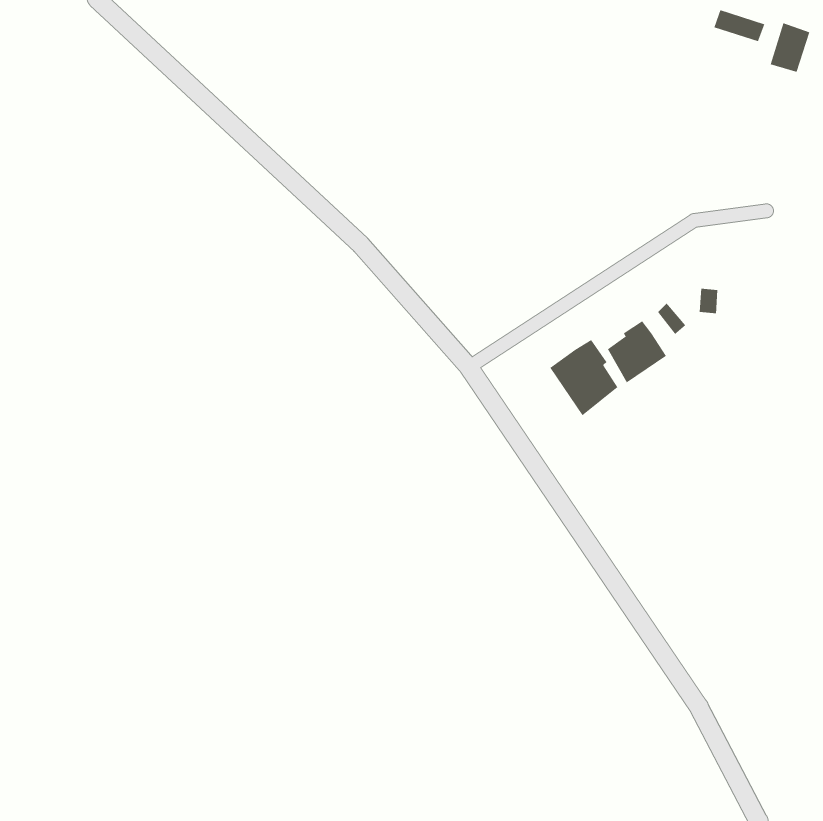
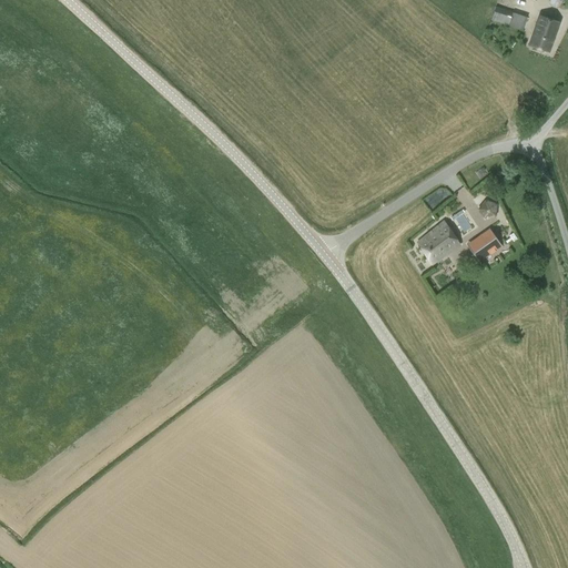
building: none -> [467,229,501,261]
building: [549,339,618,416] -> none

